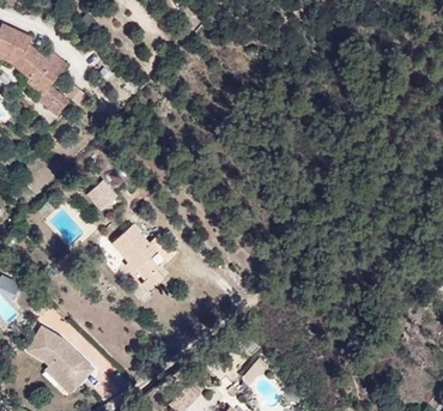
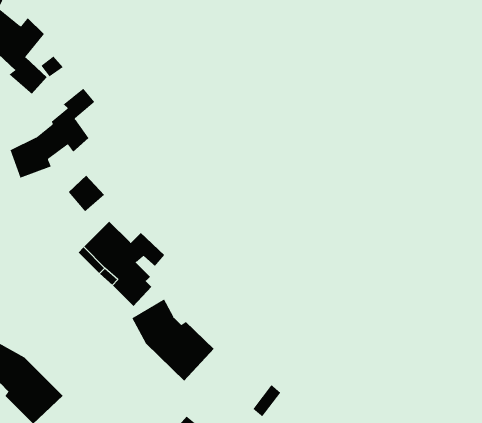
building: none -> [10,88,95,179]
building: none -> [131,299,214,381]

